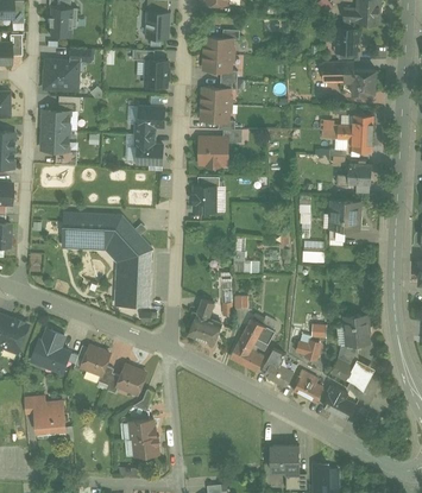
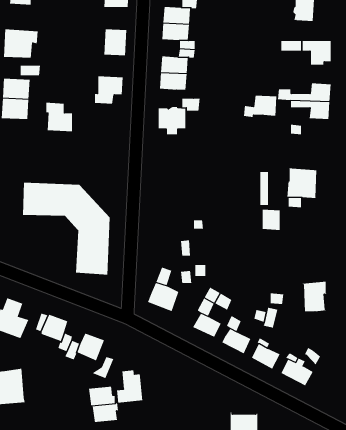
building: [134,133,162,163] -> [46,102,73,132]
building: [336,163,371,185] -> [243,95,277,117]
building: [193,185,215,210] -> none
building: [330,343,358,379] -> none
building: none -> [116,370,143,403]

